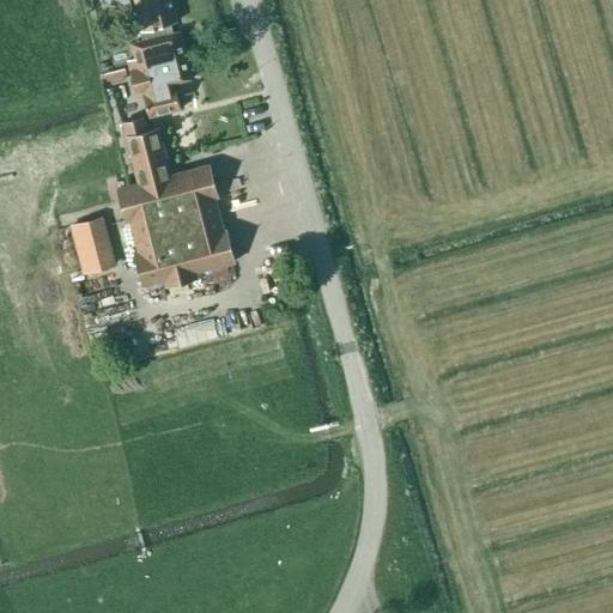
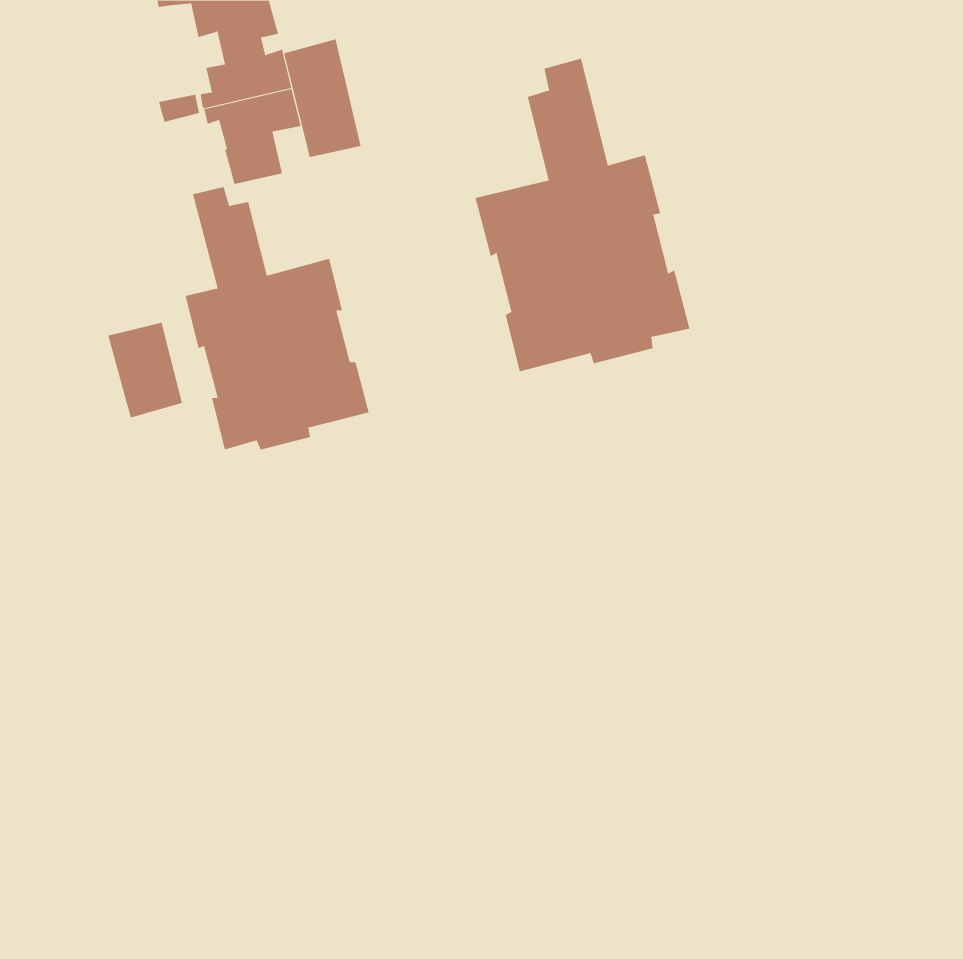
building: none -> [284,38,361,158]
building: none -> [475,58,690,372]

